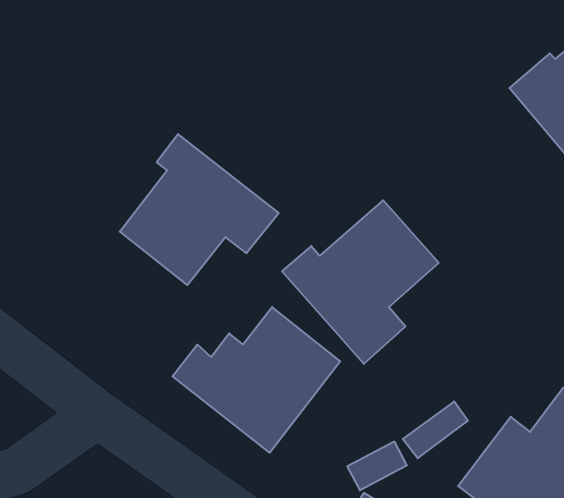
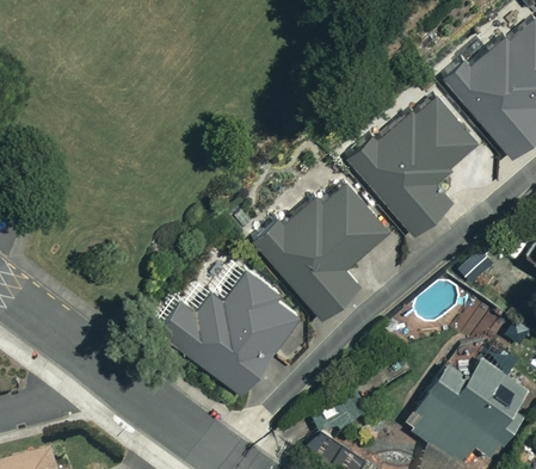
building: none -> [350,94,474,236]
building: [120,134,279,285] -> none

